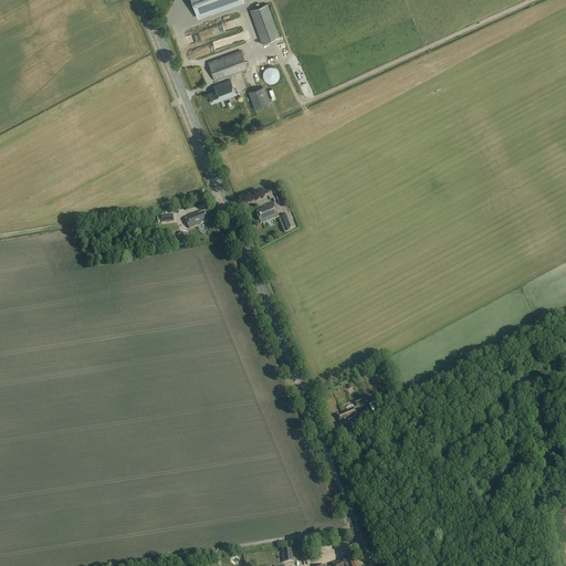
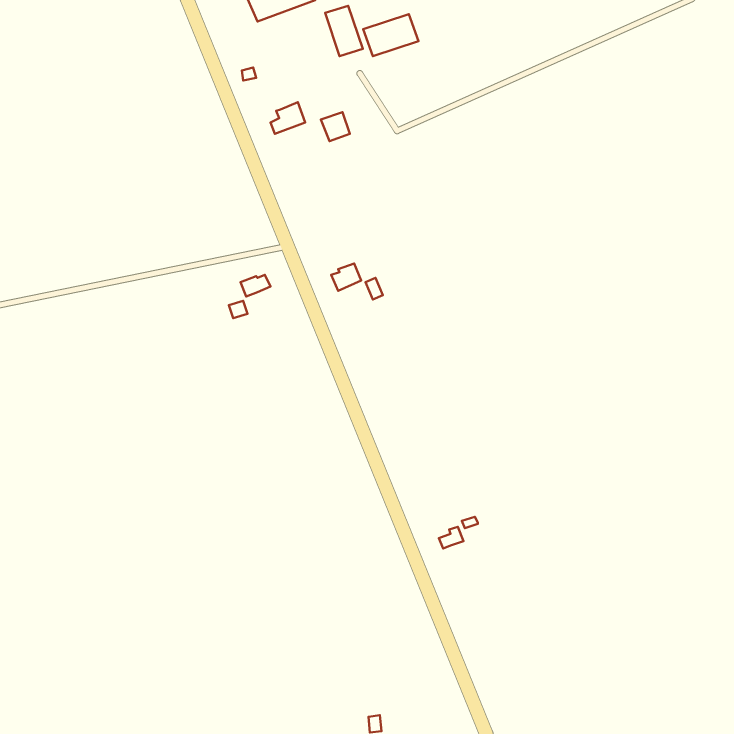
building: none -> [363,14,418,56]
building: [208,50,247,78] -> none

